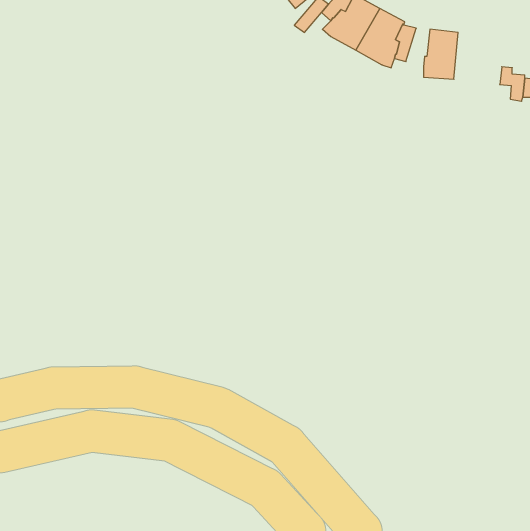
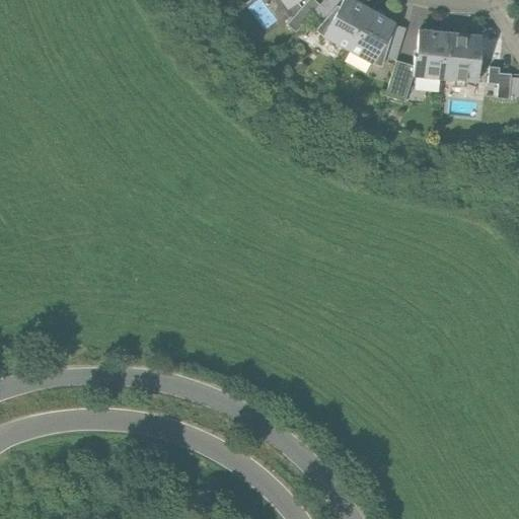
building: none -> [444,31,484,81]
building: none -> [387,60,415,100]

